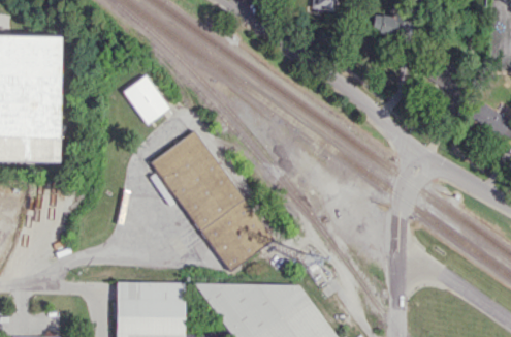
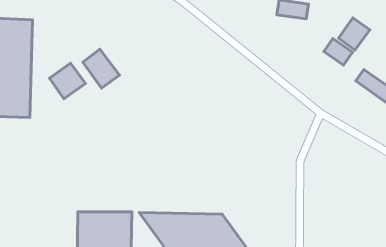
building: none -> [339,18,370,50]
building: none -> [49,63,85,99]
building: [151,129,275,271] -> none

